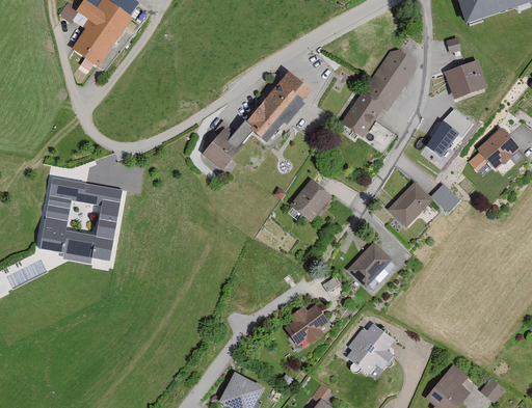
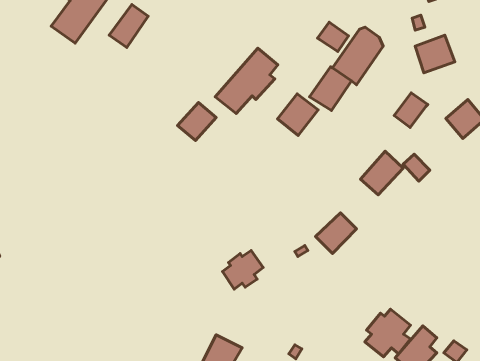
building: none -> [109,4,148,48]
building: none -> [317,22,349,52]
building: [444,109,475,136] -> none
building: [42,176,122,256] -> none
building: [286,181,328,224] -> [277,94,318,136]
building: [288,303,330,344] -> [222,251,263,289]
building: [349,323,397,373] -> [365,309,410,357]

